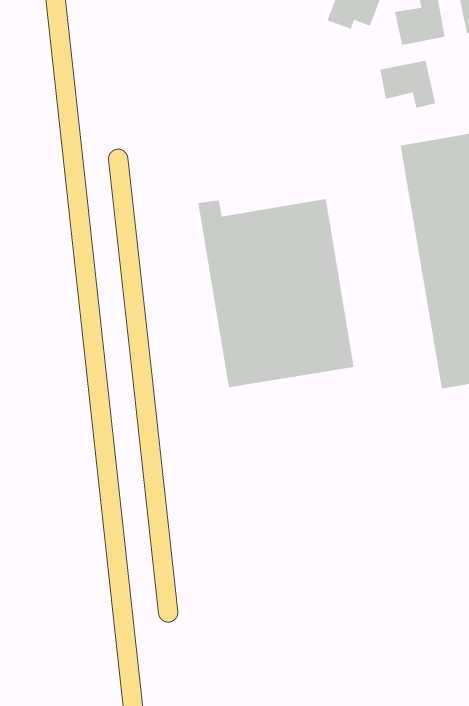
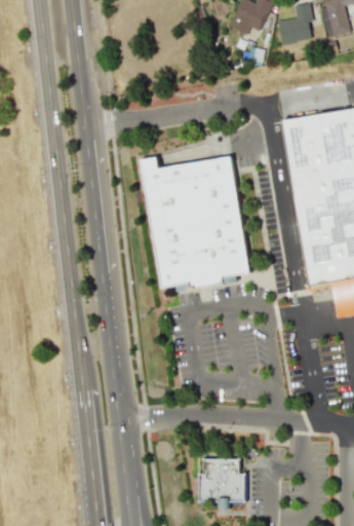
building: [380,60,436,109] -> none
building: none -> [198,459,247,503]

